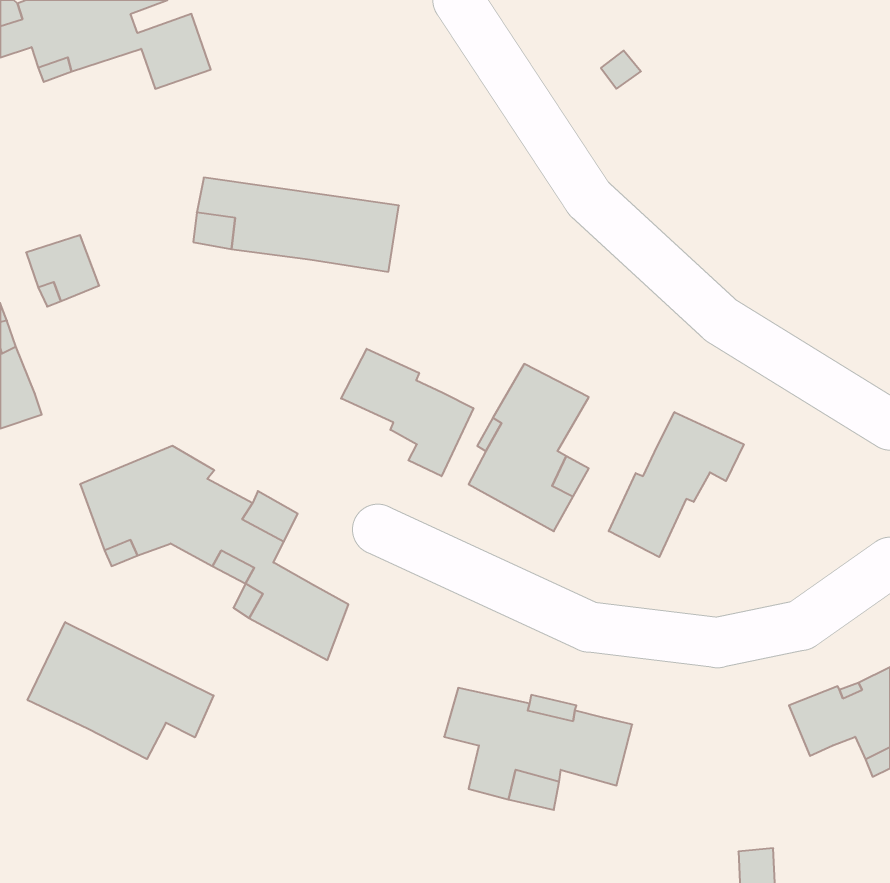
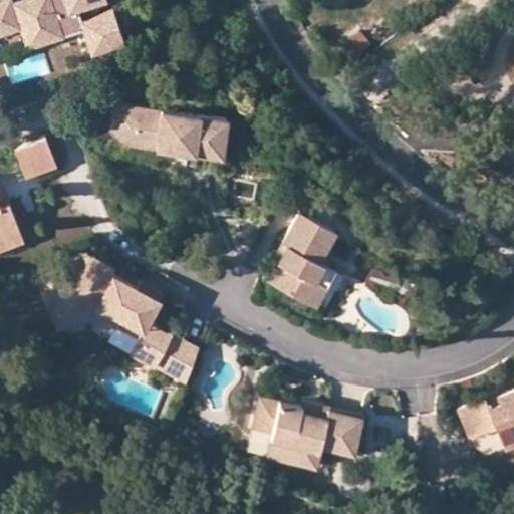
building: [341,349,473,476] -> none
building: [609,412,744,557] -> none
building: [28,622,214,759] -> none

